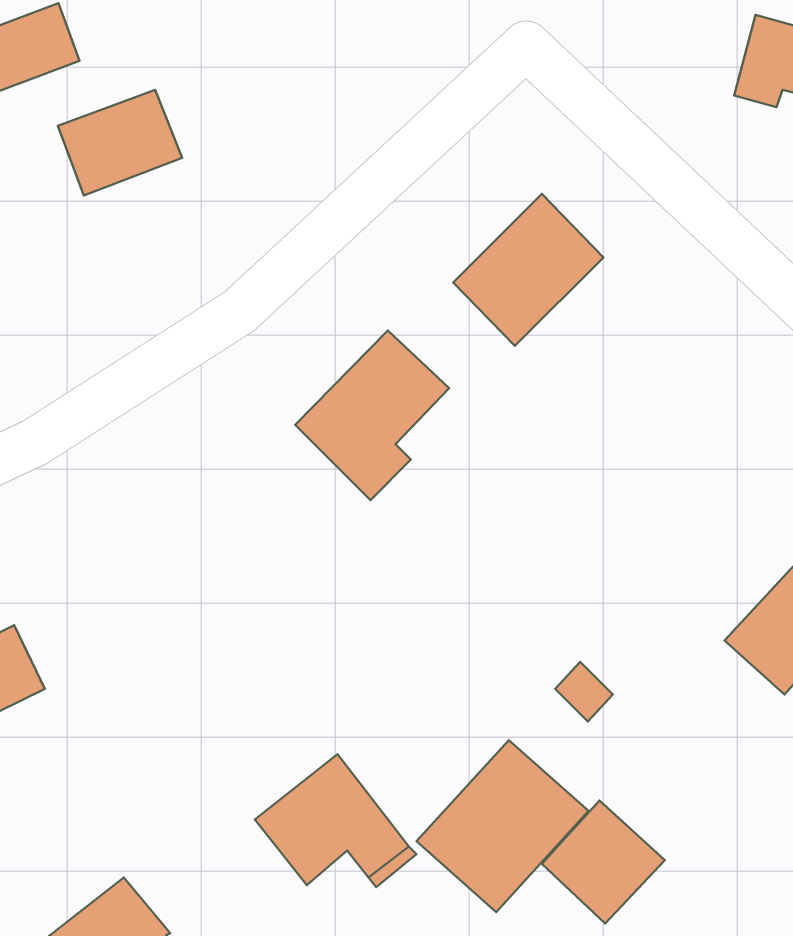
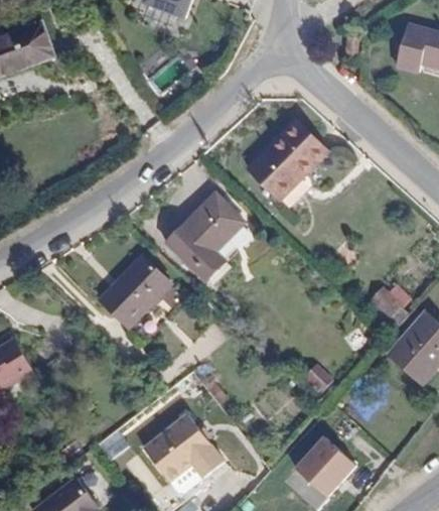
building: [58,90,182,196] -> none
building: none -> [100,256,170,327]
building: none -> [365,279,411,325]
building: [416,740,589,912] -> none

